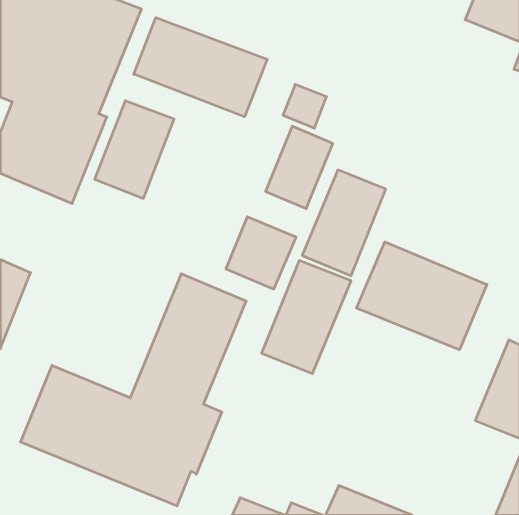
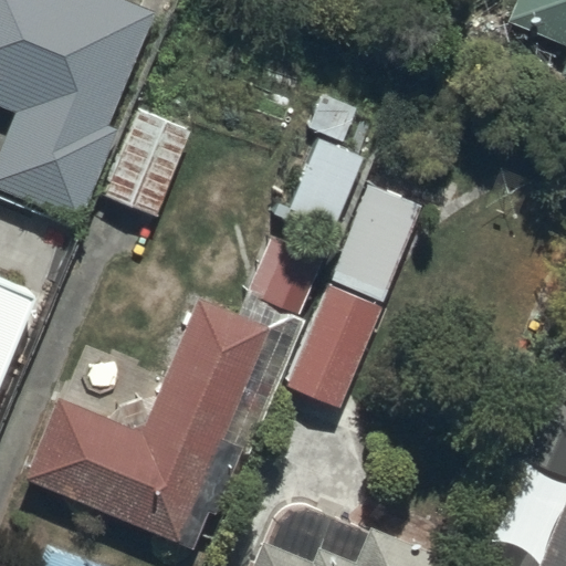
building: [134,18,267,117] -> none
building: [356,242,487,350] -> none

